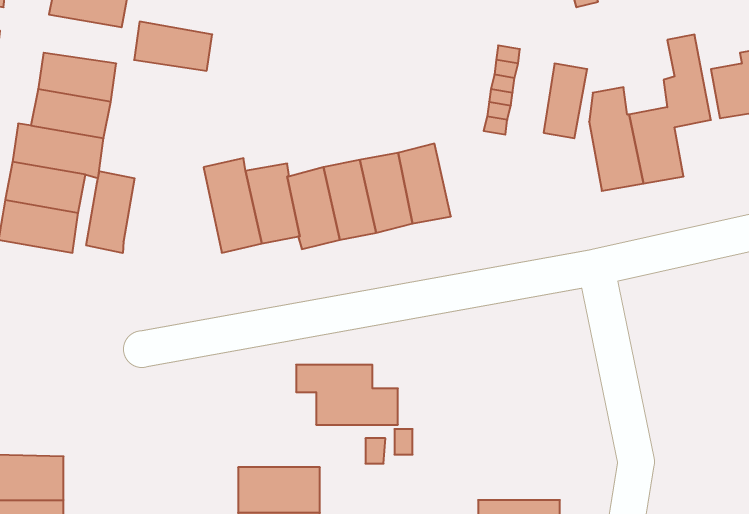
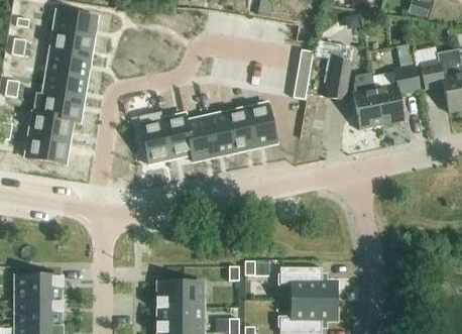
building: [134,22,212,71] -> [49,31,93,59]
building: [86,171,135,253] -> none
building: [296,365,398,425] -> [279,267,336,301]

